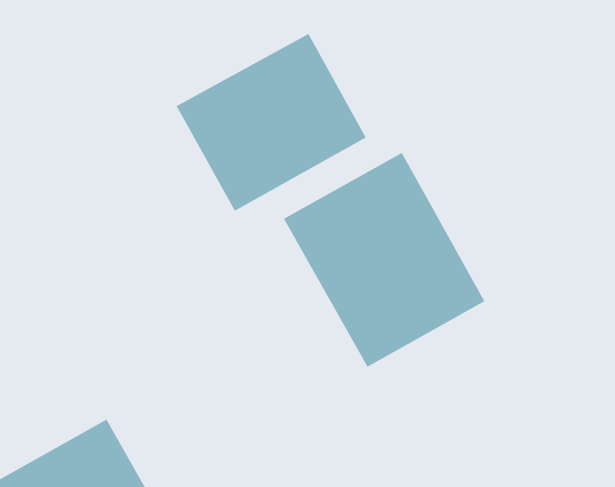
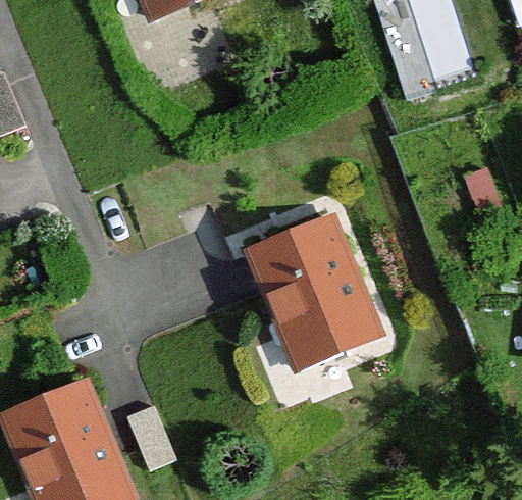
building: [176,33,367,212] -> none

